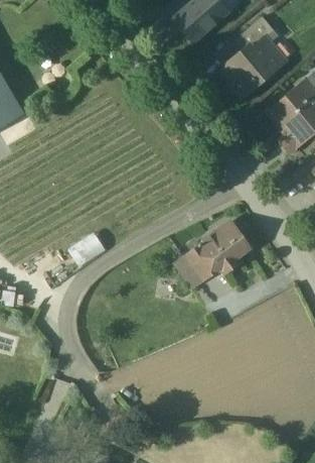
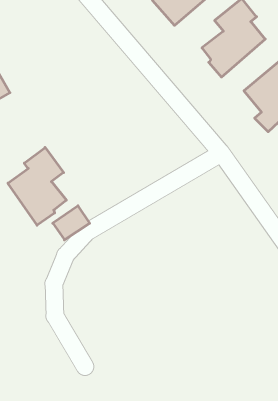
building: none -> [8,147,66,225]
building: [174,221,250,287] -> none

